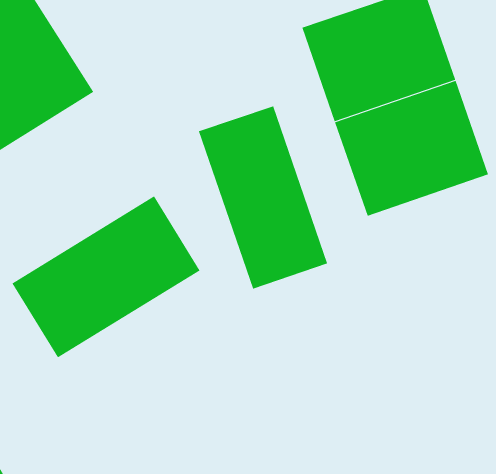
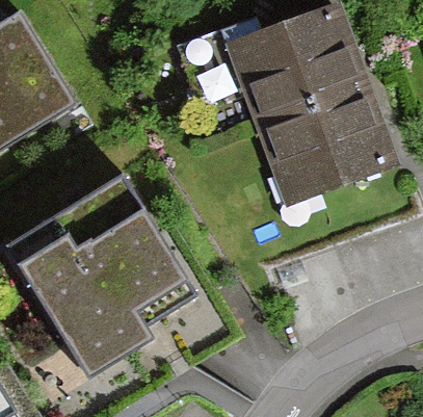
building: [198,106,328,289] -> none
building: none -> [46,237,196,379]

